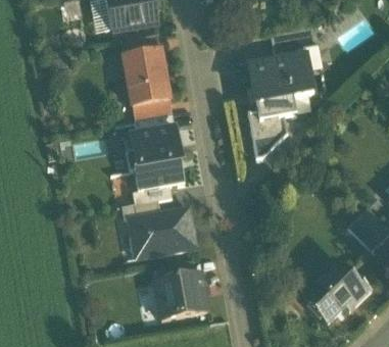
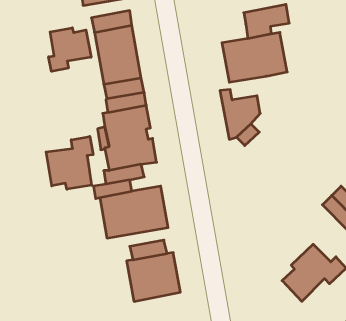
building: none -> [49,28,91,71]
building: [256,100,296,123] -> none
building: none -> [46,136,93,189]

